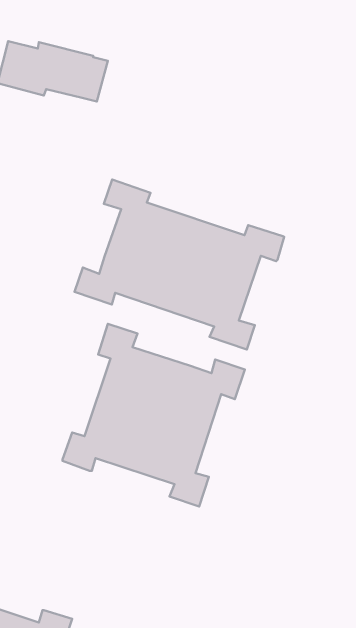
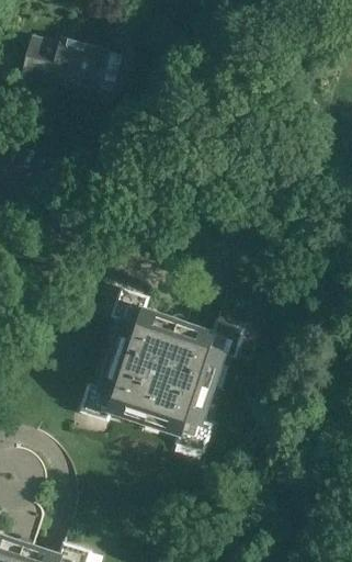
building: [75,179,284,349] -> none

